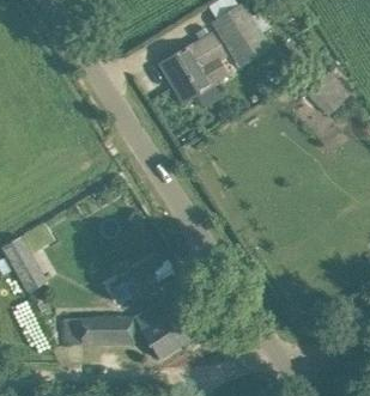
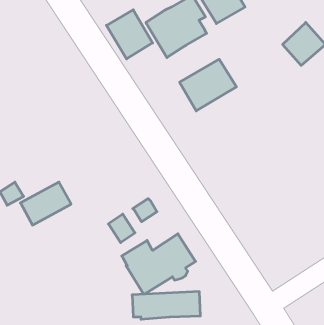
building: none -> [106,10,153,59]
building: none -> [180,59,236,111]
building: [59,317,133,347] -> [132,292,200,319]

